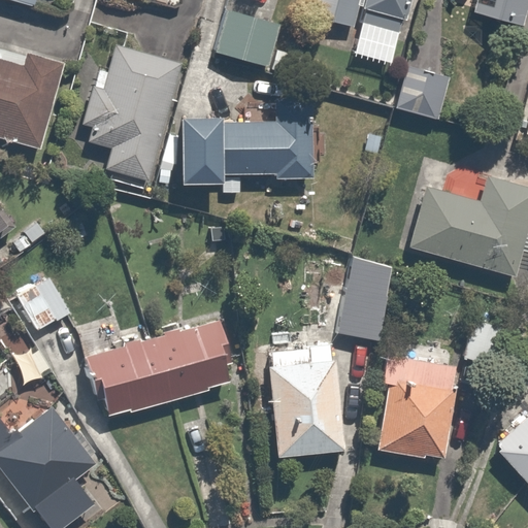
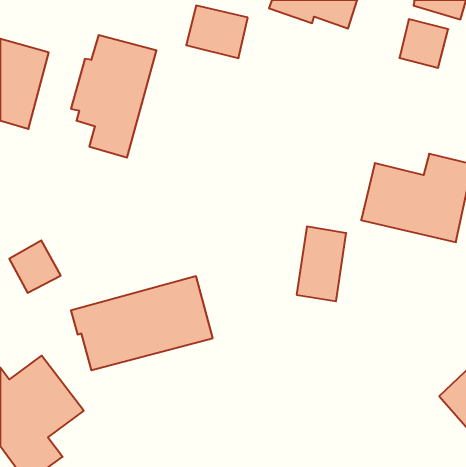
building: [395,64,450,119] -> [399,19,448,68]
building: [176,97,314,192] -> none
building: [266,341,346,459] -> none
building: [378,352,458,462] -> none

